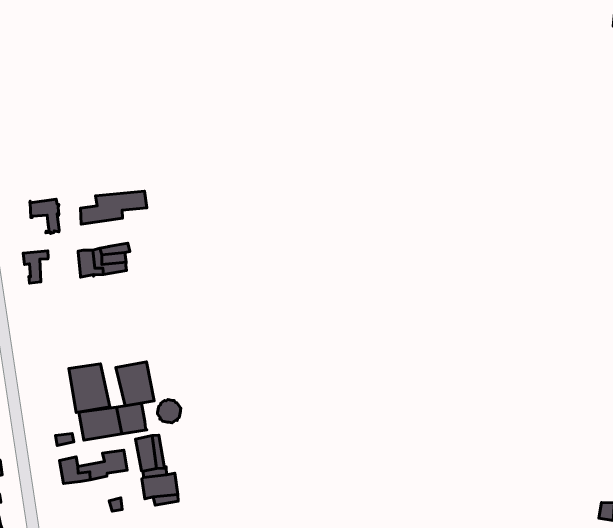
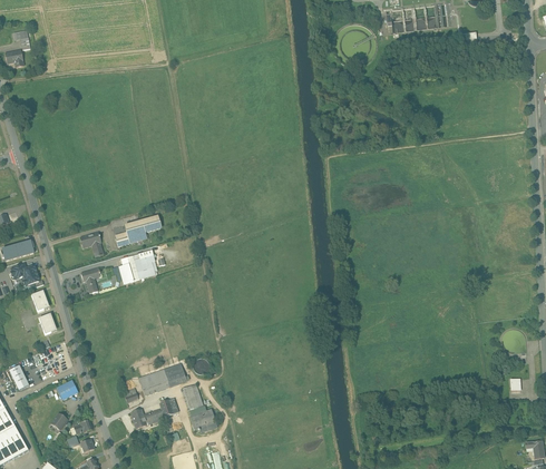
building: [116,362,154,406] -> none
building: [69,364,110,413] -> none

